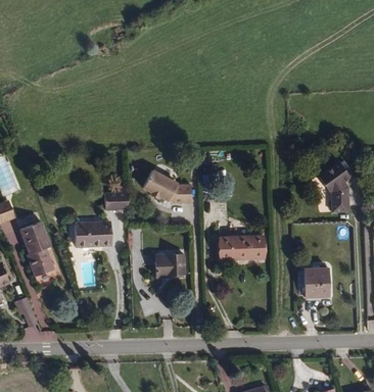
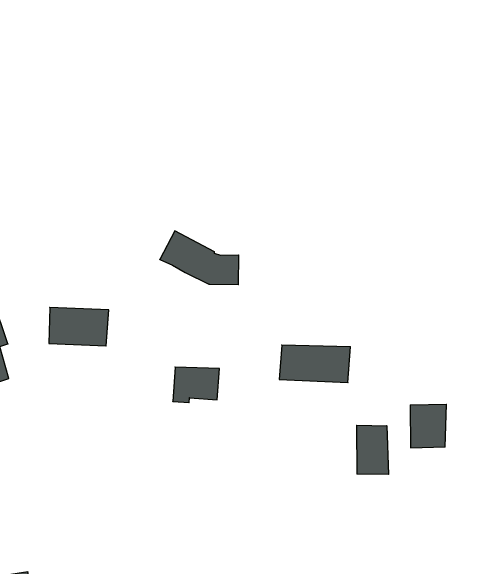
building: [313,159,348,211] -> none
building: [104,191,128,208] -> none
building: none -> [357,425,388,474]

